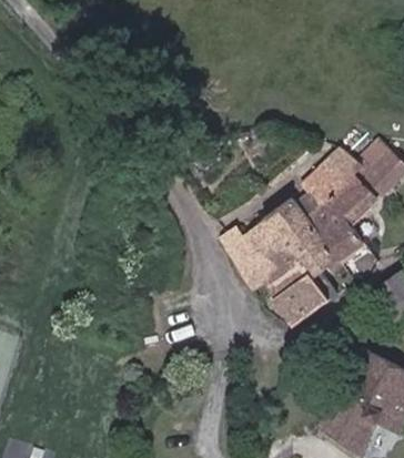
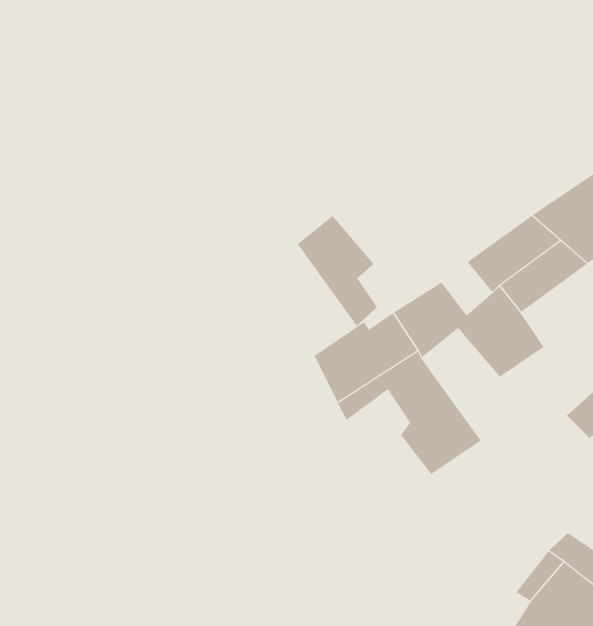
building: [283,228,333,297] -> [297,215,378,327]

